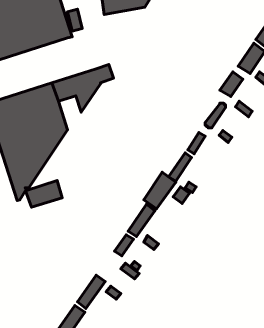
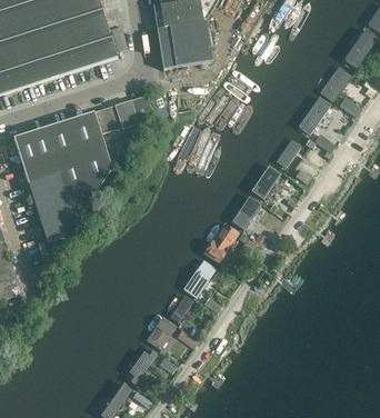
building: none -> [157,20,212,68]
building: [26,180,62,207] -> none
building: none -> [146,315,177,348]

